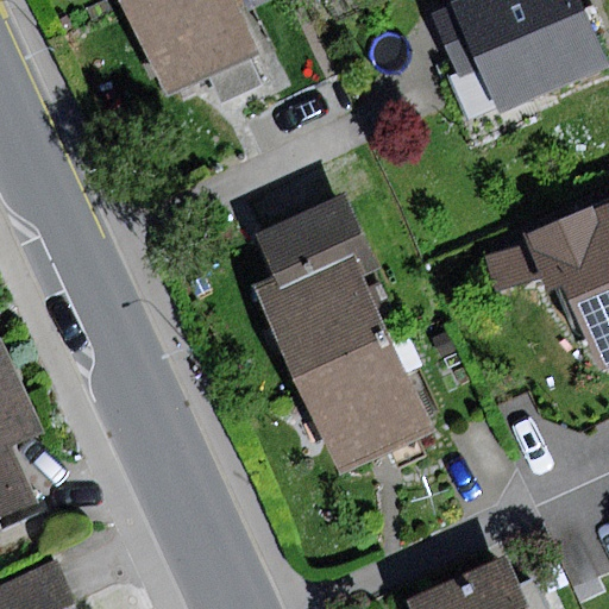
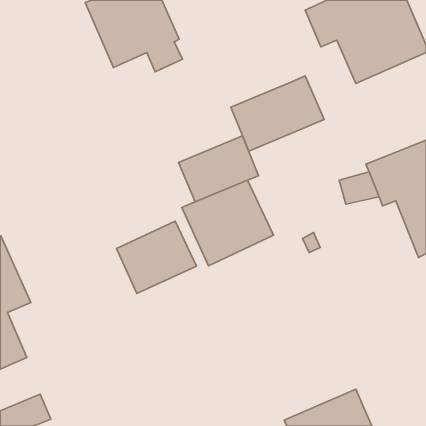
building: none -> [231,76,324,151]
building: none -> [117,221,196,294]
building: [297,335,435,471] -> none

